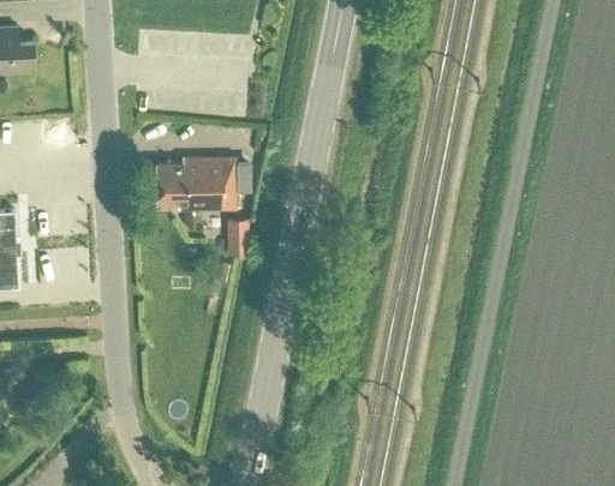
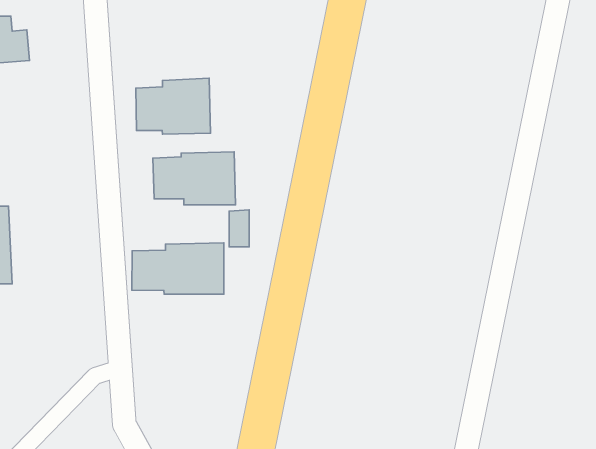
building: none -> [136,78,210,134]
building: none -> [132,243,224,294]

